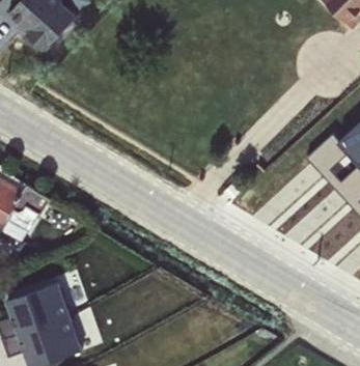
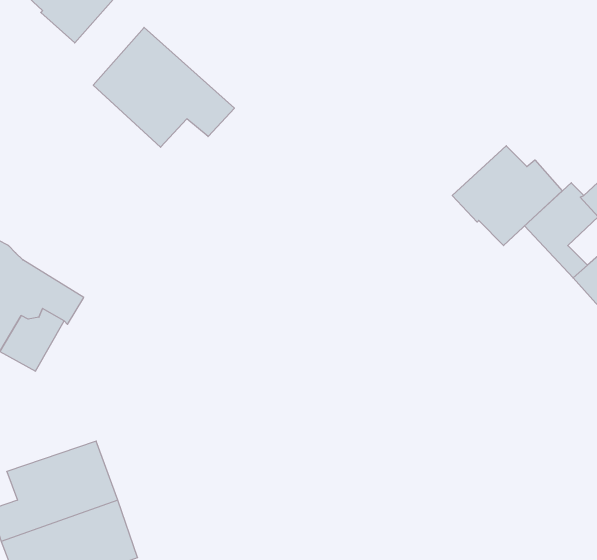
building: none -> [93,27,234,147]
building: none -> [452,146,562,246]

